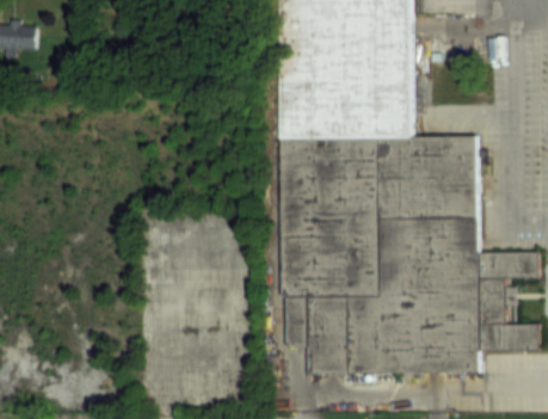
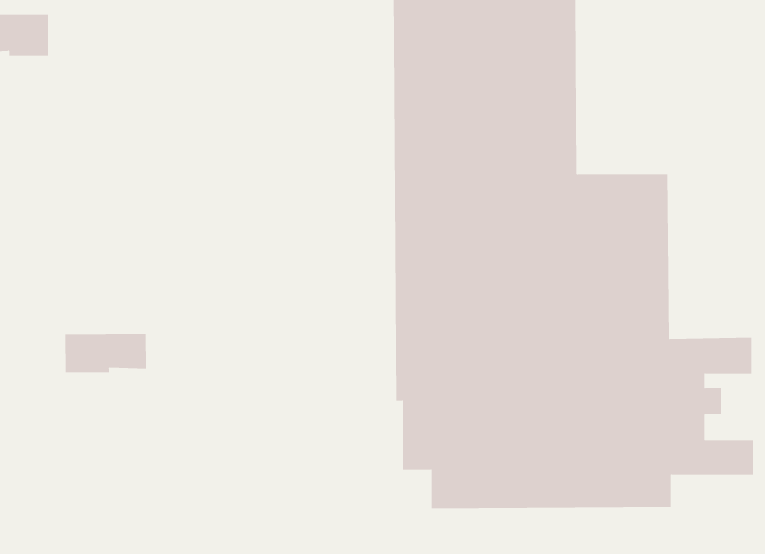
building: none -> [65,333,146,373]

